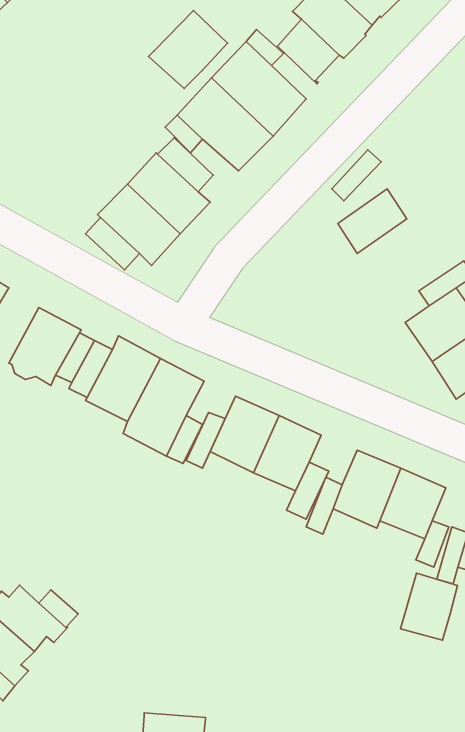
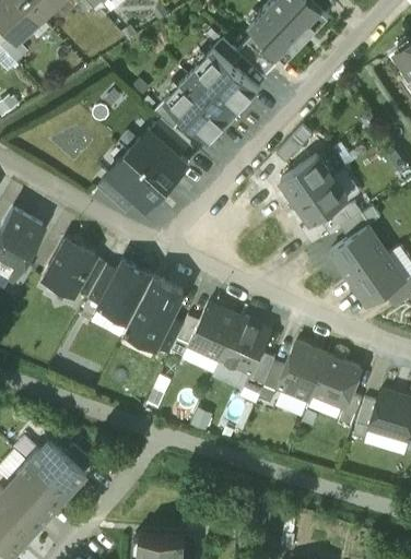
building: [149,11,228,89] -> none
building: none -> [295,177,348,225]
building: [401,573,458,640] -> none

